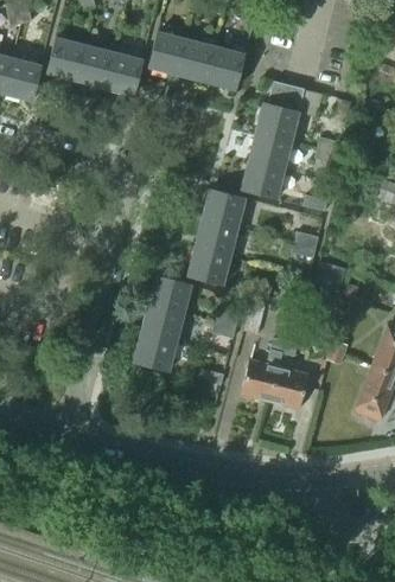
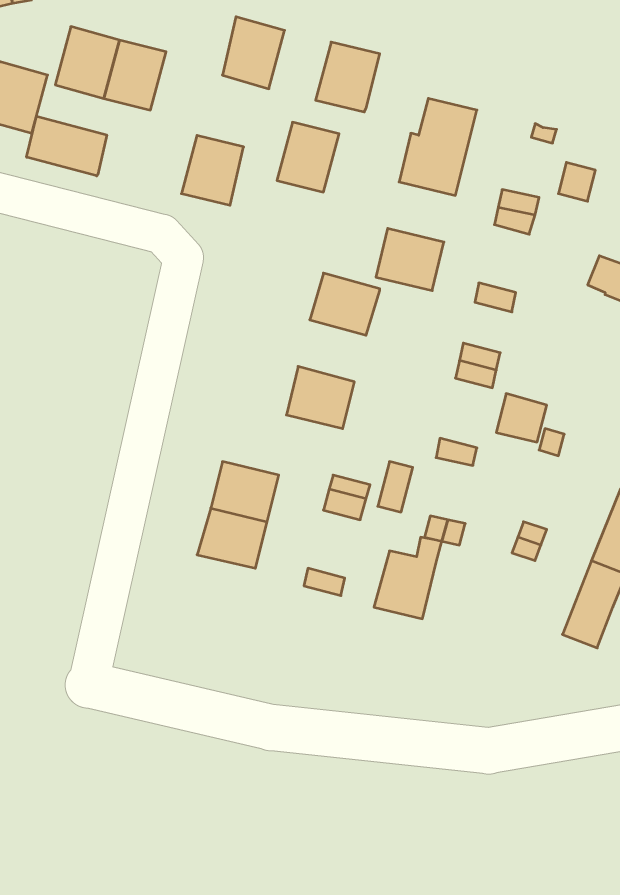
building: [178,40,216,83] -> [277,122,339,192]
building: [106,53,144,96] -> [181,135,244,205]
building: none -> [27,116,107,176]
building: [250,133,292,170] -> none
building: [196,217,237,255] -> none
building: [149,275,191,312] -> none
building: [272,365,310,407] -> none

